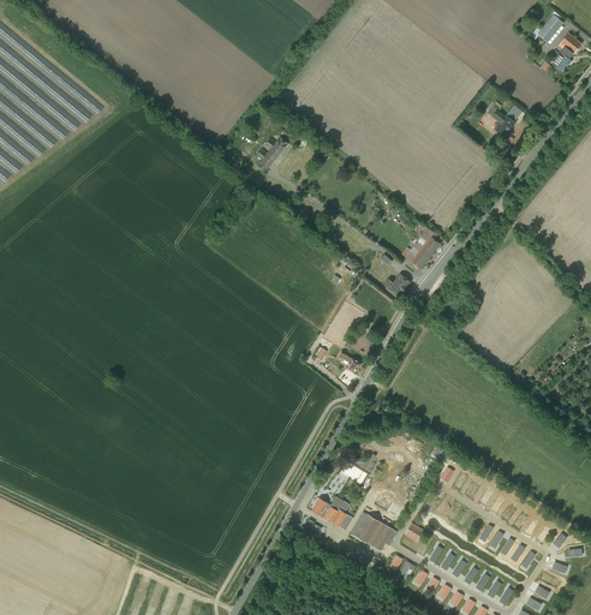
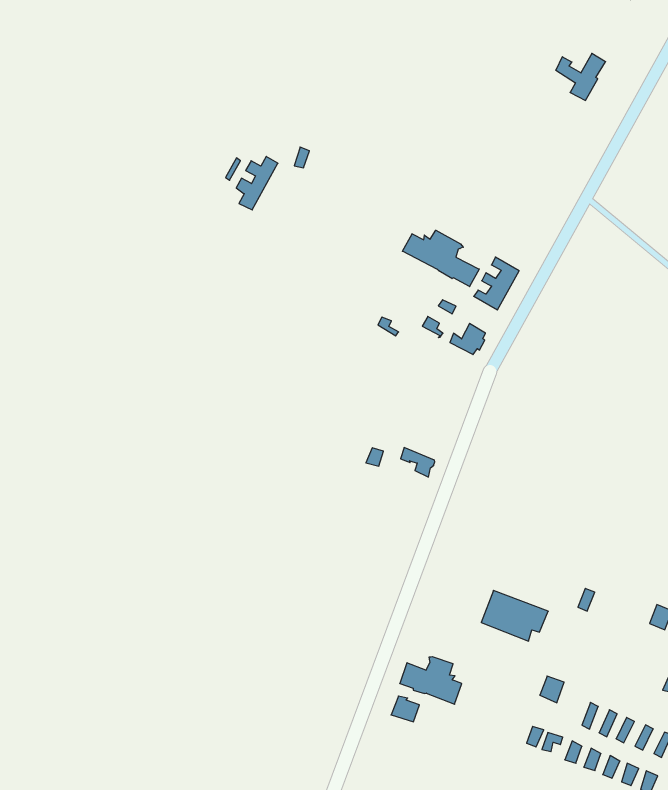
building: none -> [402,230,479,287]
building: [351,512,398,550] -> [481,590,548,641]

